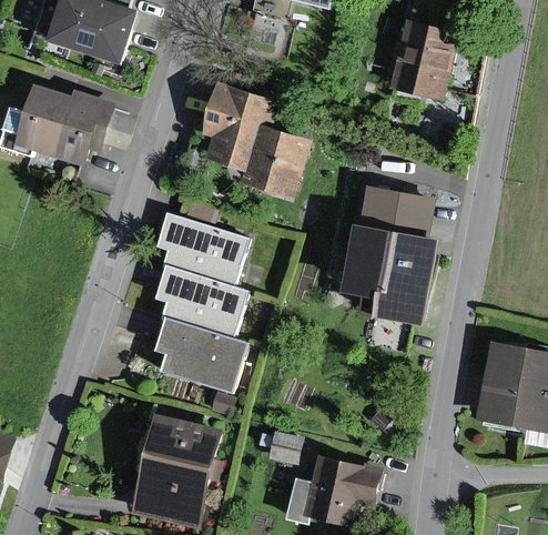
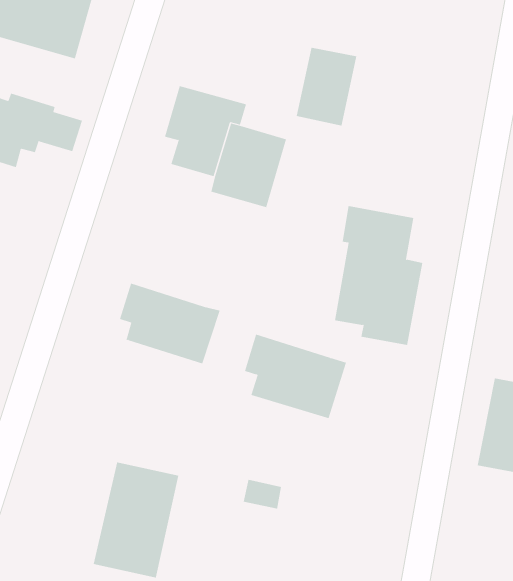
building: [396,23,450,93] -> [296,47,357,126]
building: [162,209,252,283] -> none
building: [159,313,250,388] -> [244,334,347,419]
building: [290,457,376,517] -> none

